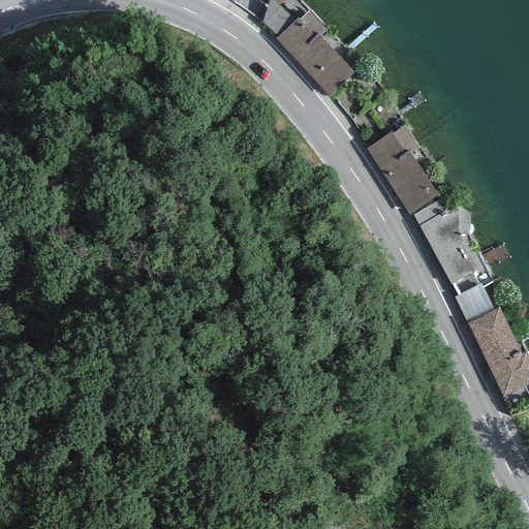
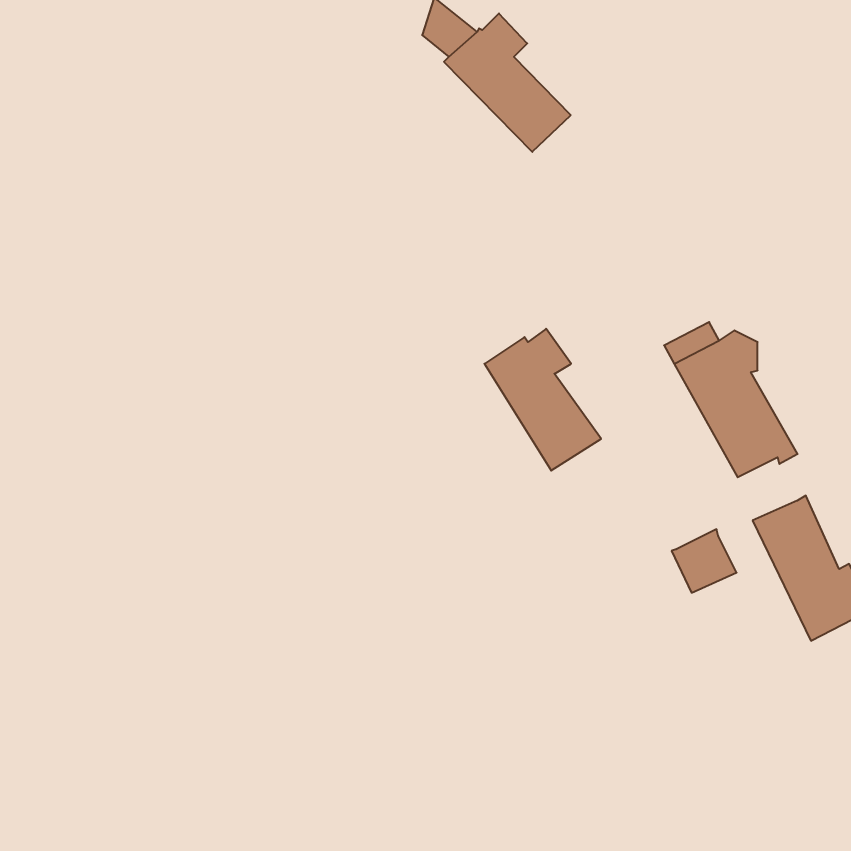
building: [367,125,439,213] -> [484,329,601,471]
building: [455,283,495,322] -> [672,529,737,593]

